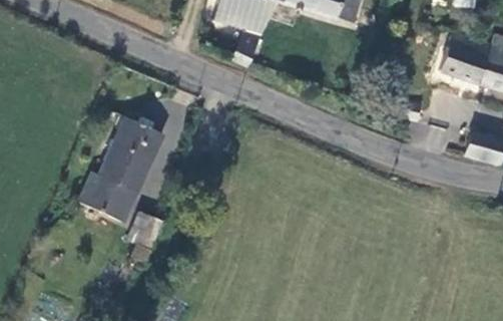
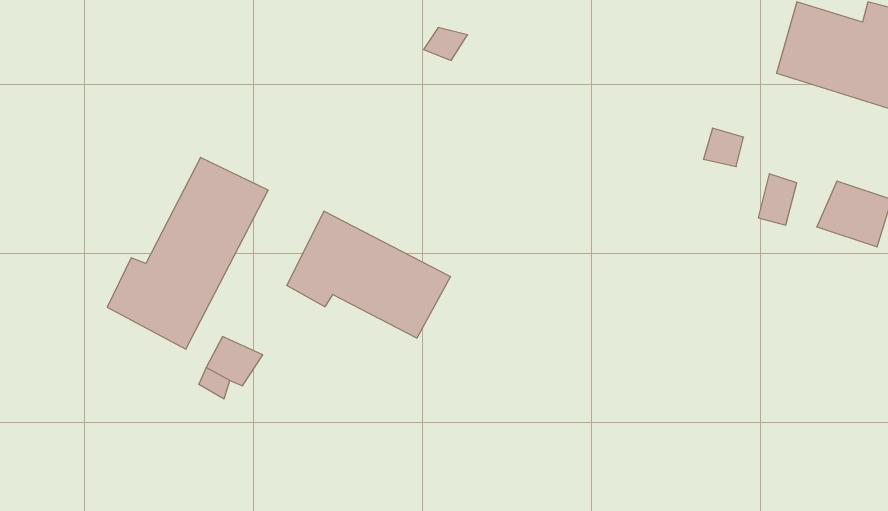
building: none -> [287,211,450,338]

